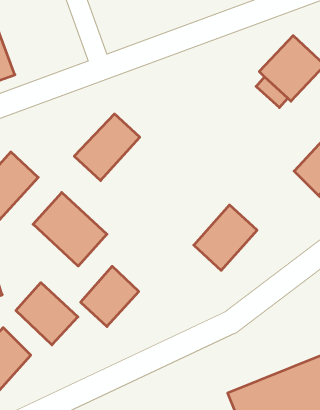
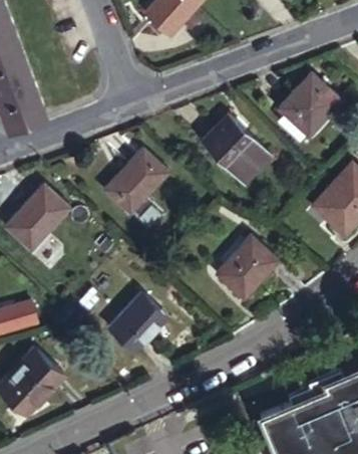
building: none -> [202,116,274,187]
building: [33,192,107,266] -> none
building: [16,283,78,345] -> none

